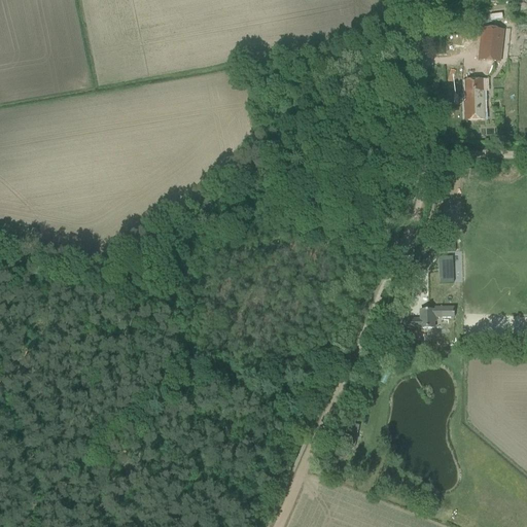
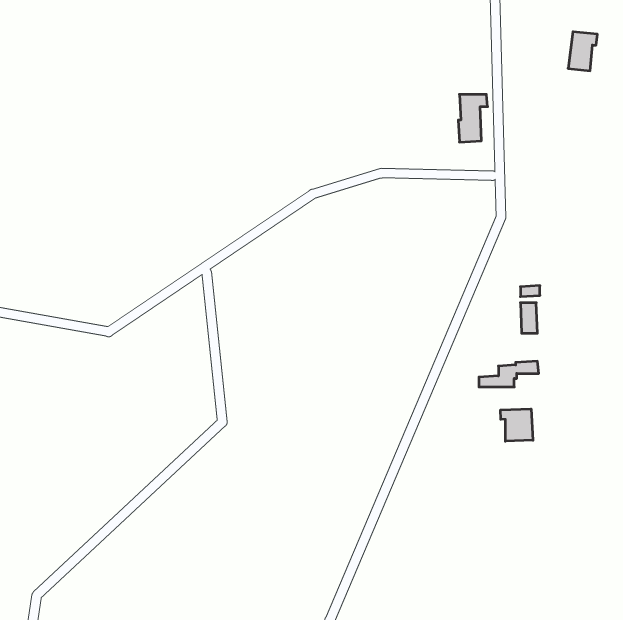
building: [465,78,490,118] -> [458,94,488,142]
building: none -> [501,409,533,441]

